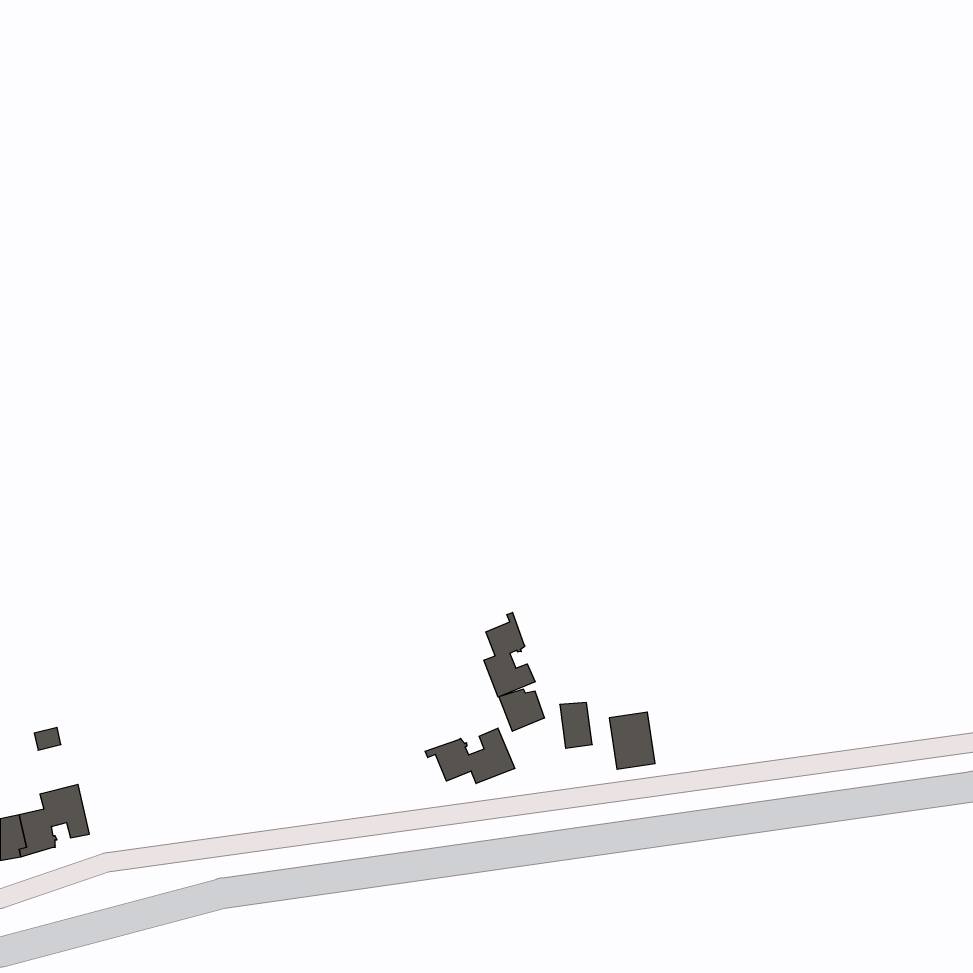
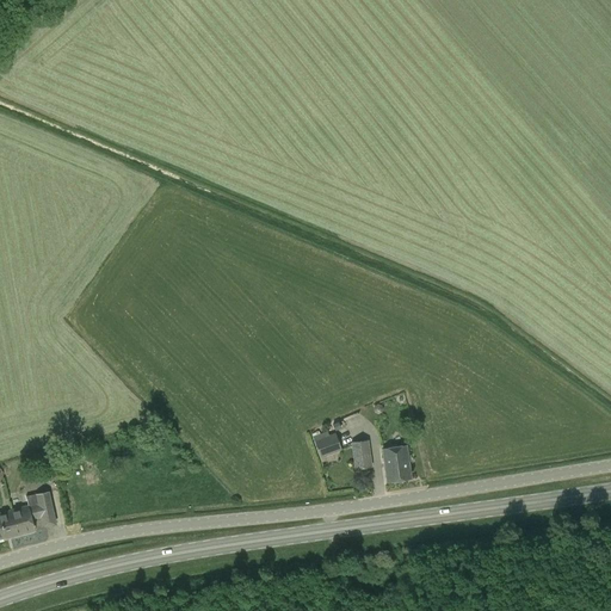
building: [484,612,535,697] -> none
building: [425,728,515,784] -> none

